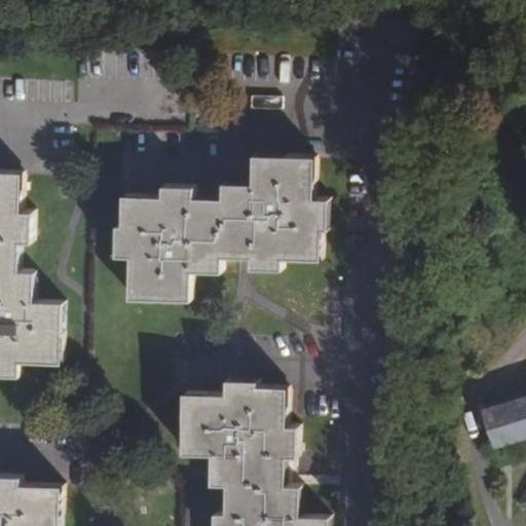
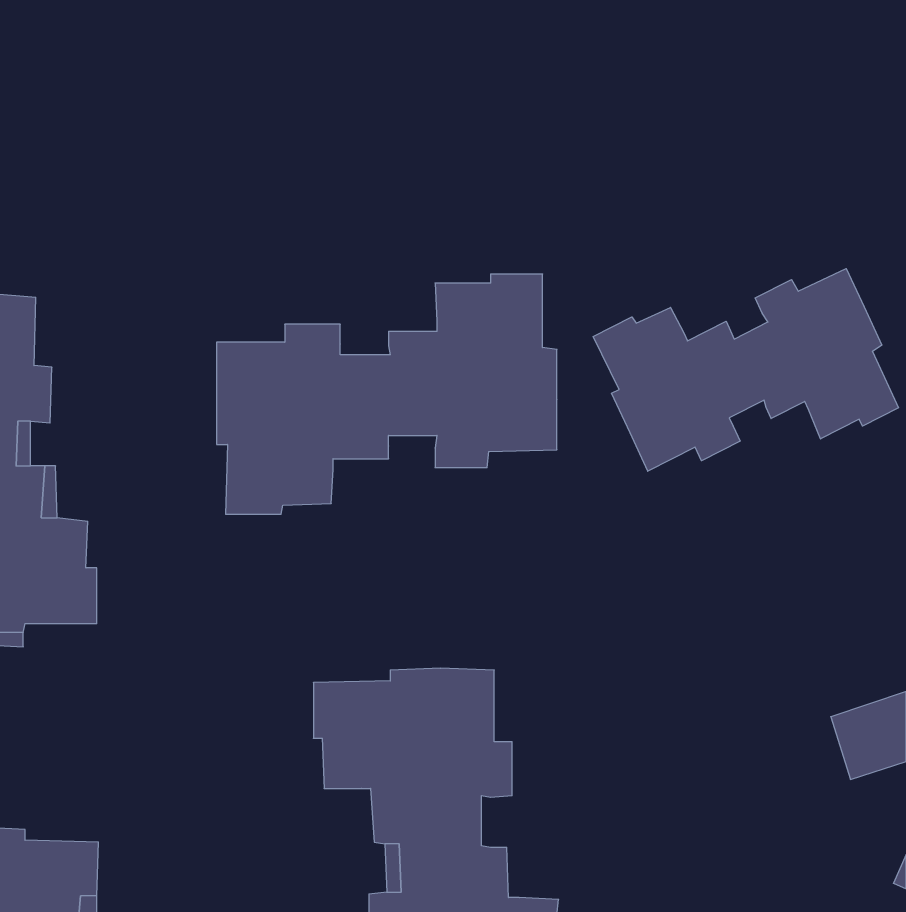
building: none -> [593,269,898,471]

